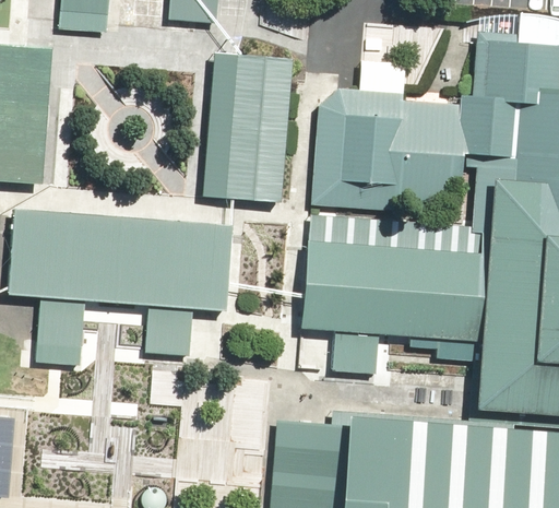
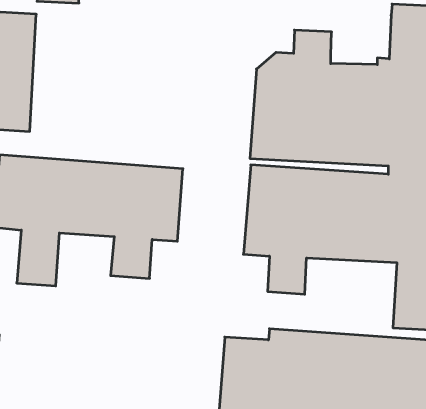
building: [212,59,286,210] -> none

